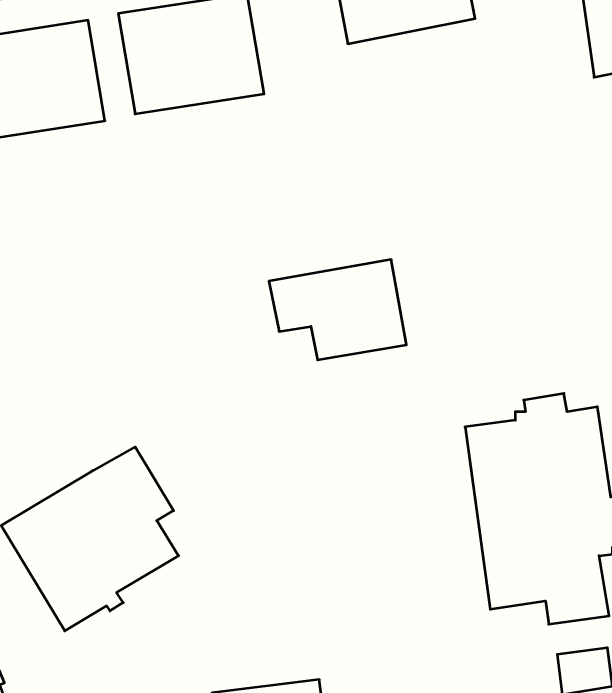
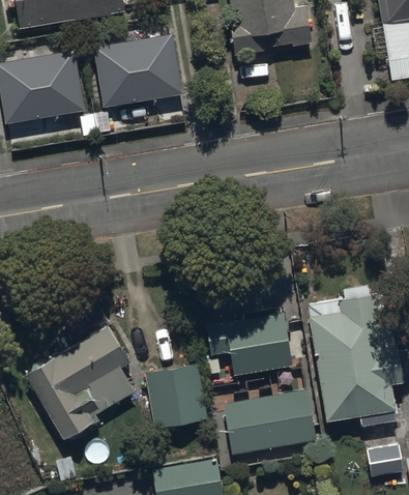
building: [269,260,406,360] -> [204,304,289,367]
building: none -> [145,362,206,426]
building: none -> [225,388,316,454]

